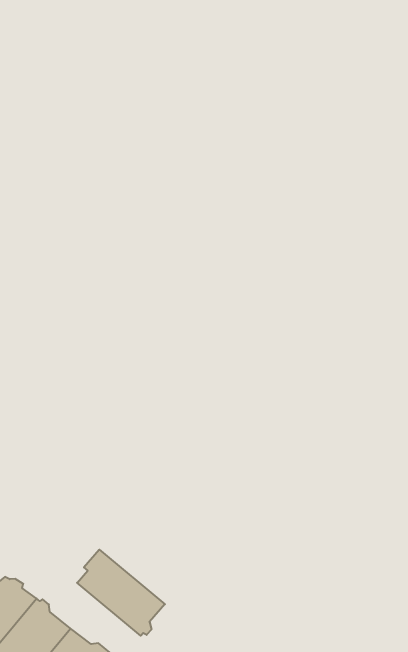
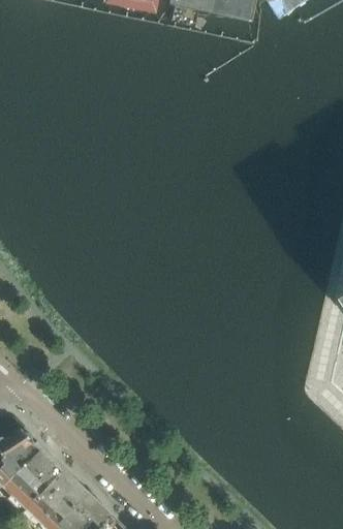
building: [77,550,165,636] -> none

